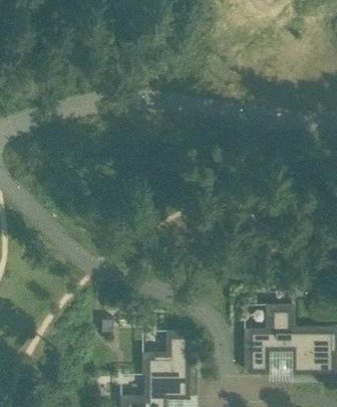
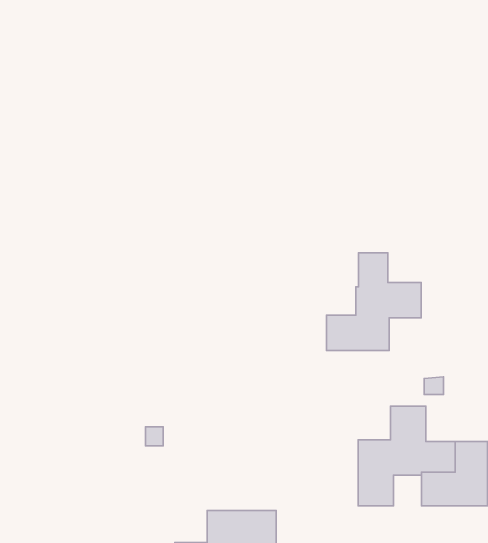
building: none -> [327,253,421,351]
building: [142,331,190,375] -> none

